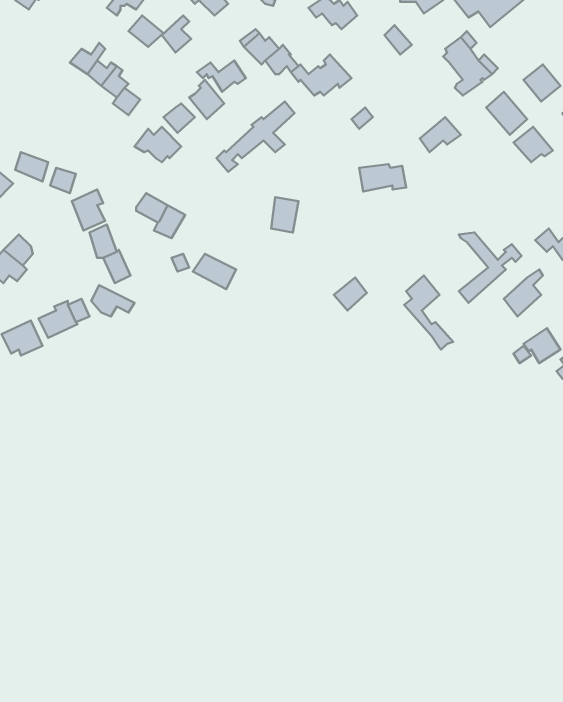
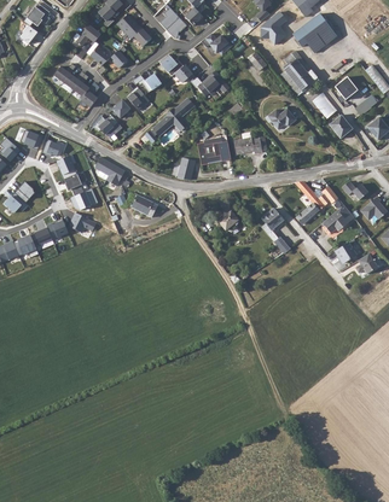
building: none -> [196,132,231,165]

